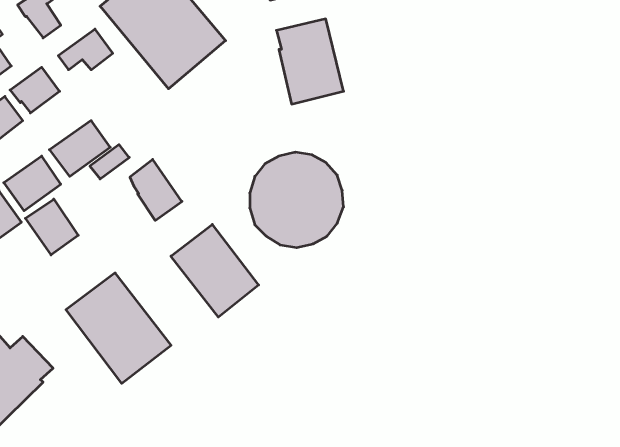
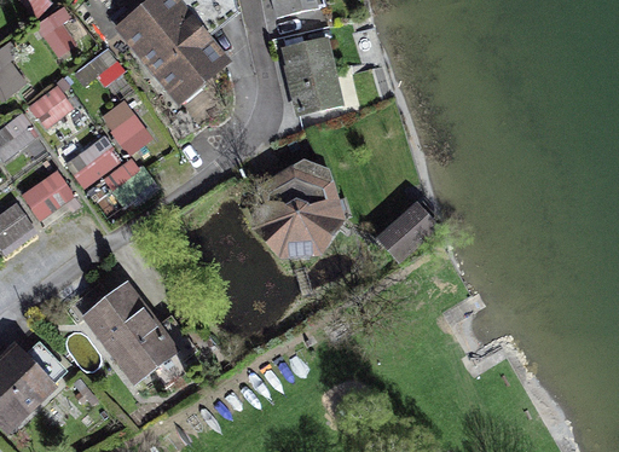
building: [130,159,182,220] -> [103,99,152,157]
building: none -> [375,199,439,261]
building: [25,199,78,255] -> none
building: [171,224,259,317] -> none

